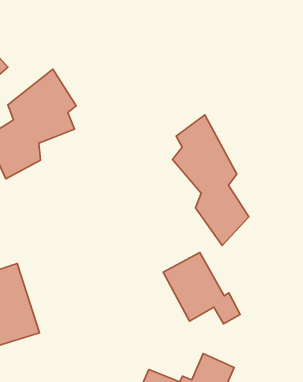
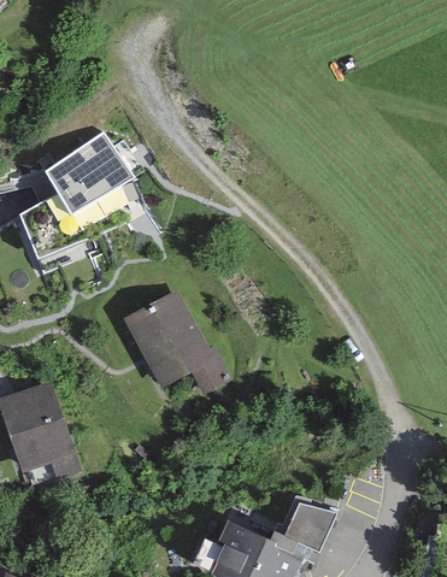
building: [173,115,249,245] -> none
building: [163,253,240,324] -> [129,294,228,385]

